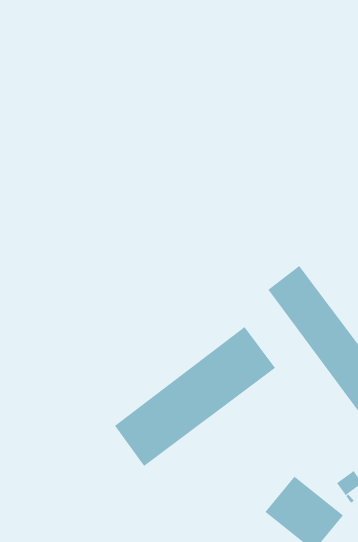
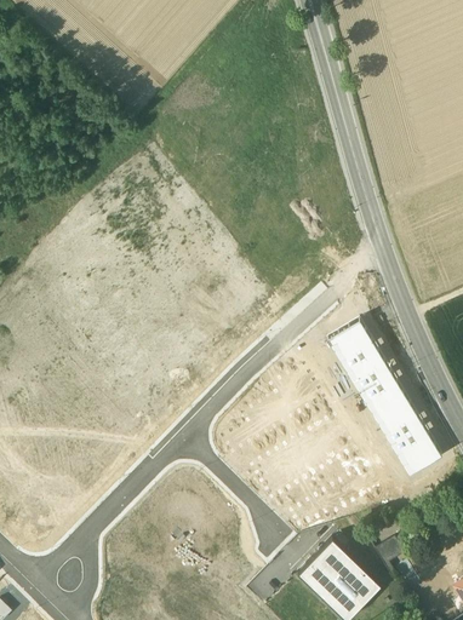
building: [114,326,276,467] -> none

